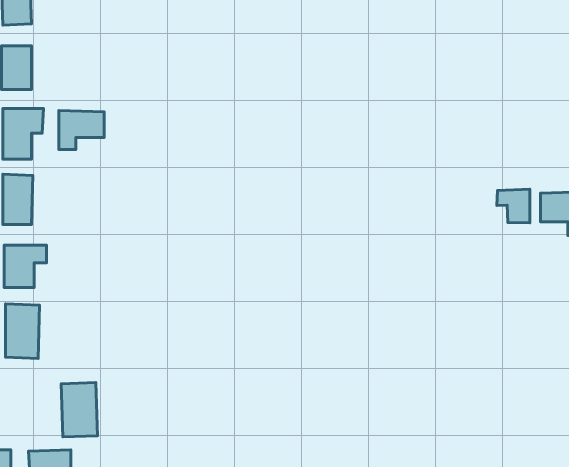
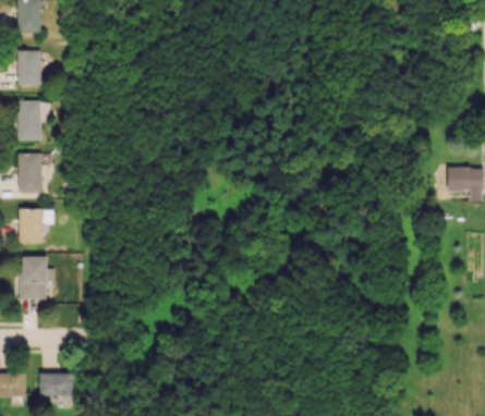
building: [59,111,104,150] -> none
building: [497,189,530,223] -> none
building: [61,383,97,437] -> none

